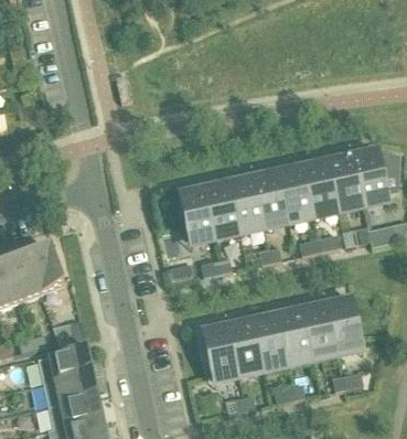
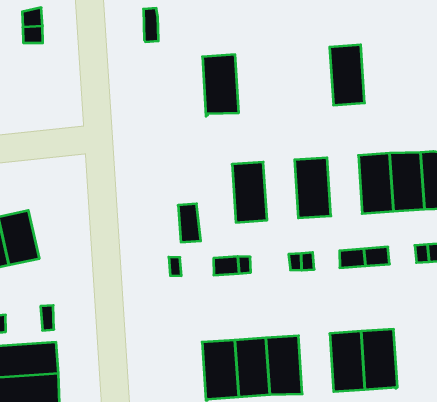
building: [278,165,312,216] -> [330,45,365,105]
building: [228,176,263,227] -> none
building: [179,188,214,239] -> [202,55,239,116]
building: [277,309,311,360] -> none

